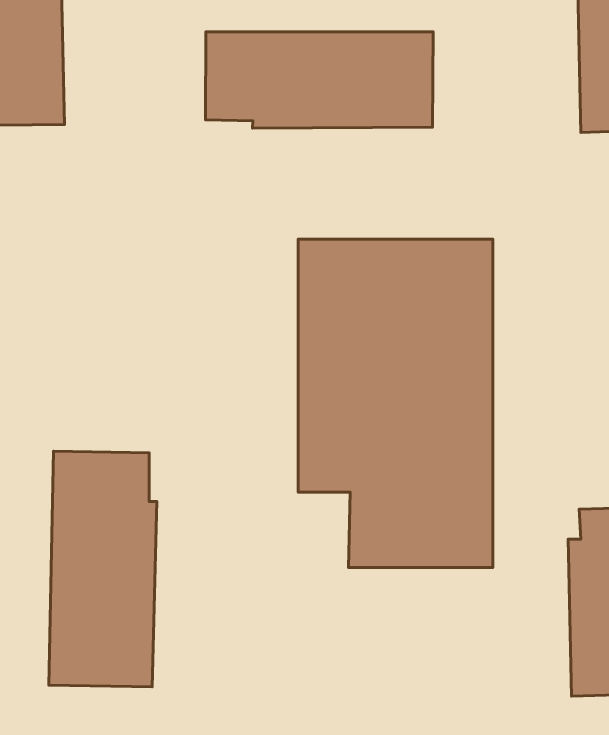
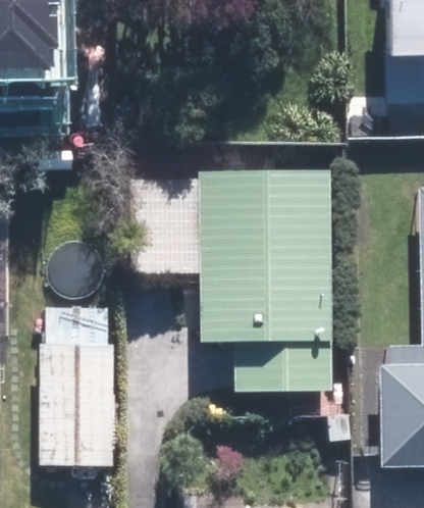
building: [206,32,433,128] -> none

